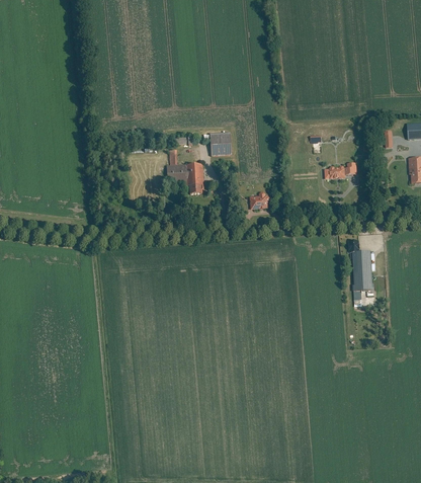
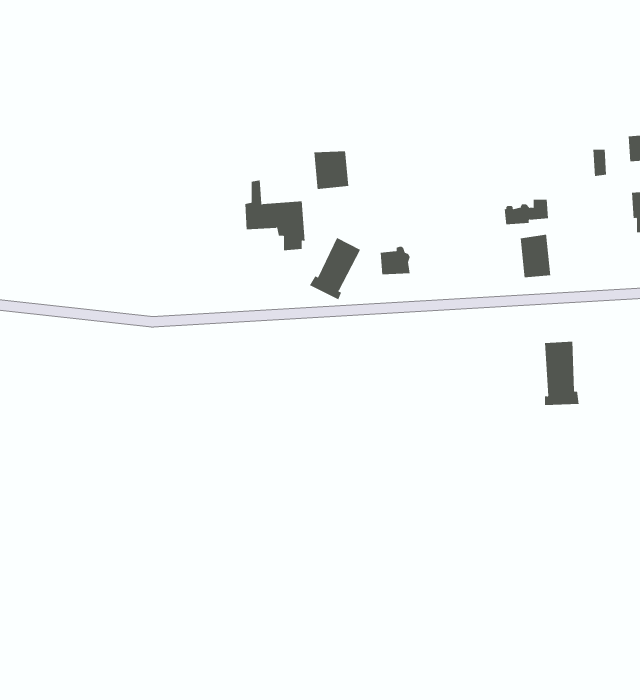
building: none -> [520,234,551,278]
building: none -> [309,237,361,300]

